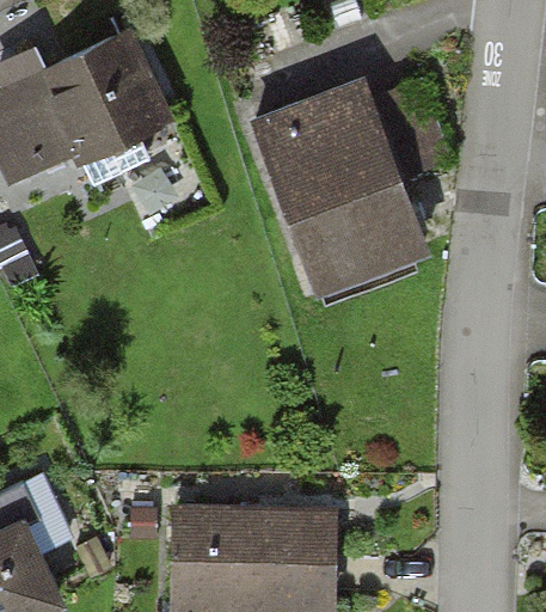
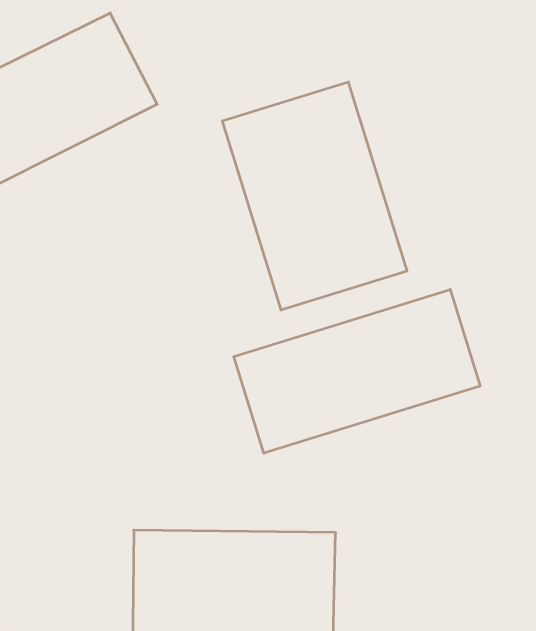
building: none -> [234,289,480,453]

